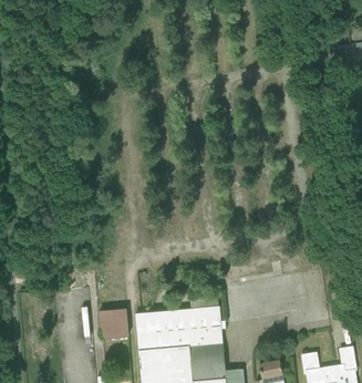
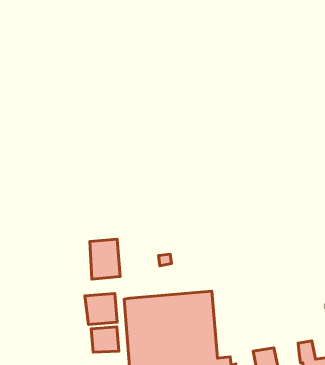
building: none -> [90,239,120,279]
building: none -> [91,327,119,352]

